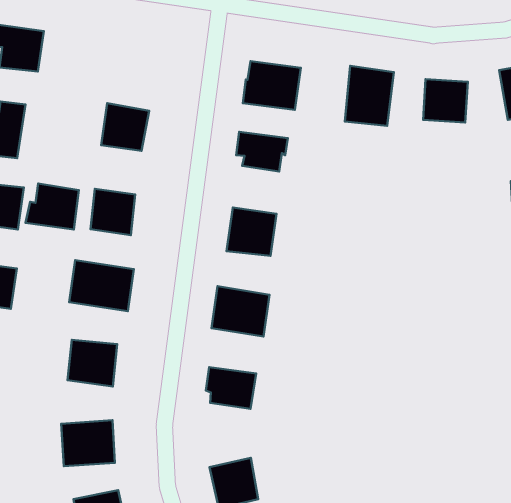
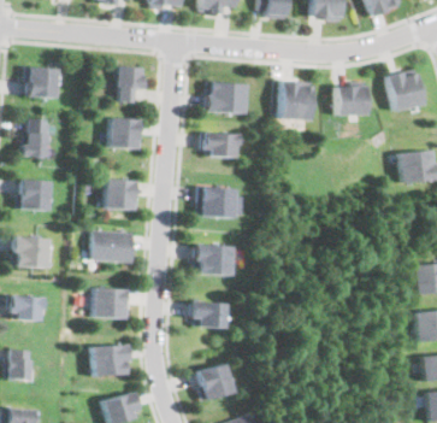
building: none -> [116,65,144,102]
building: [26,183,79,230] -> none

